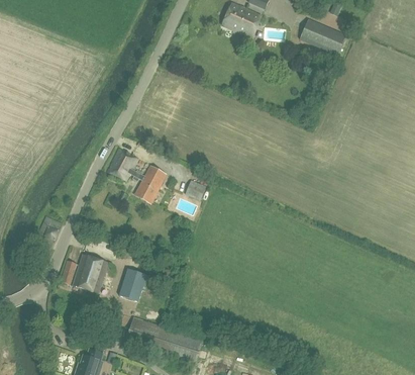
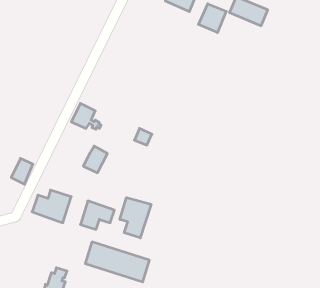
building: none -> [198,4,226,33]
building: [137,165,167,197] -> [83,146,107,173]
building: none -> [120,198,151,238]

